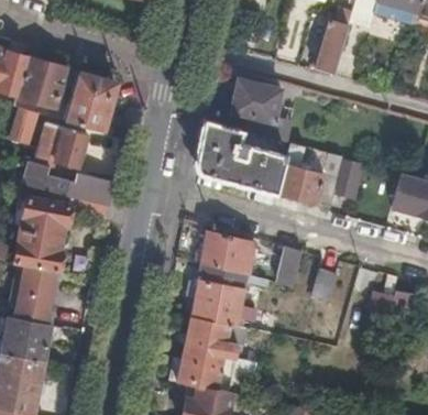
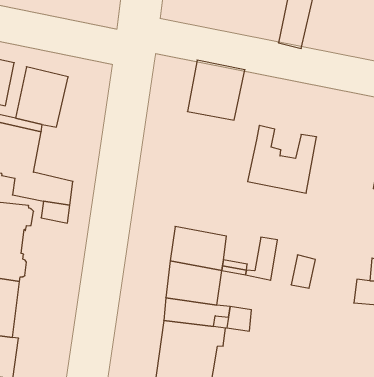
building: [197,118,288,194] -> none

